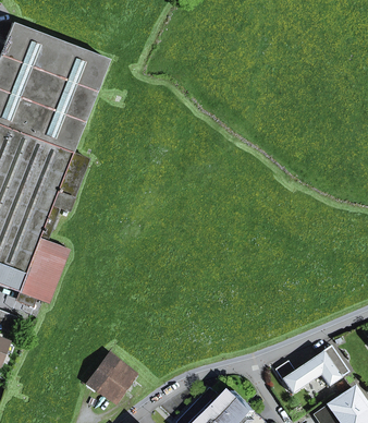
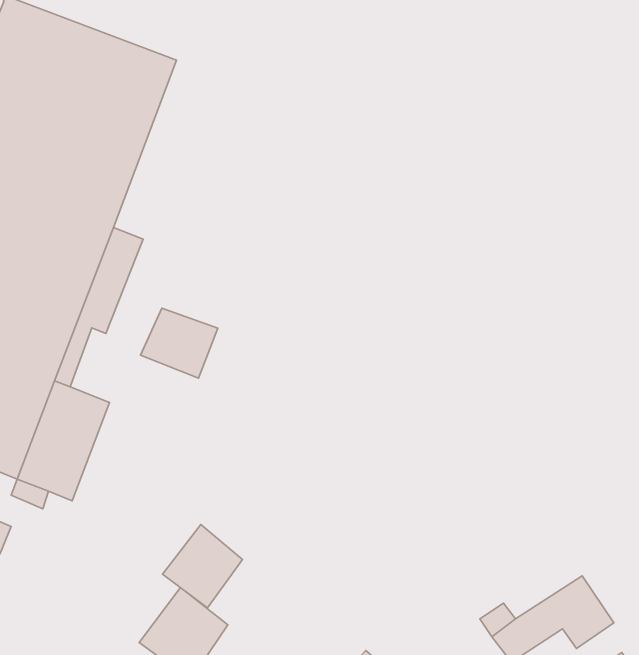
building: none -> [141,308,218,378]
building: none -> [163,524,242,608]

